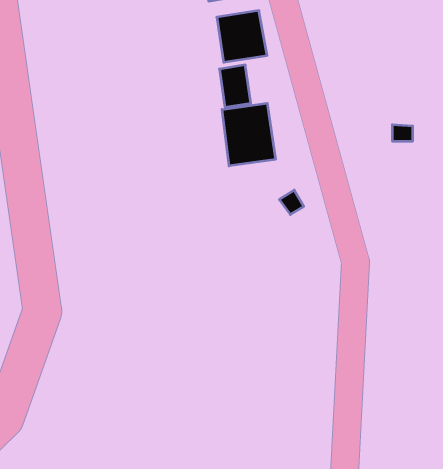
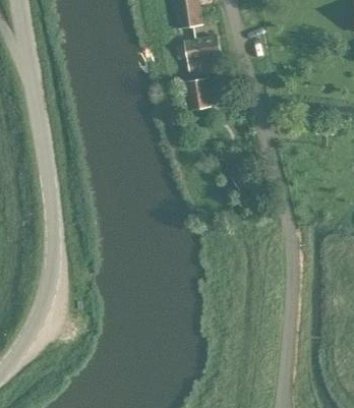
building: [222,103,275,166] -> none

